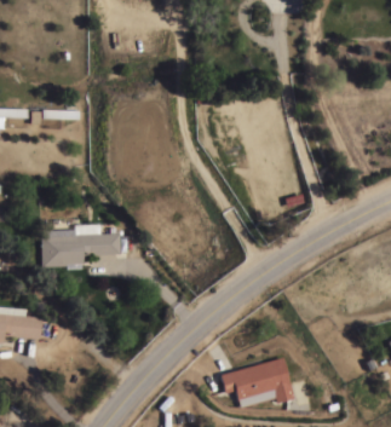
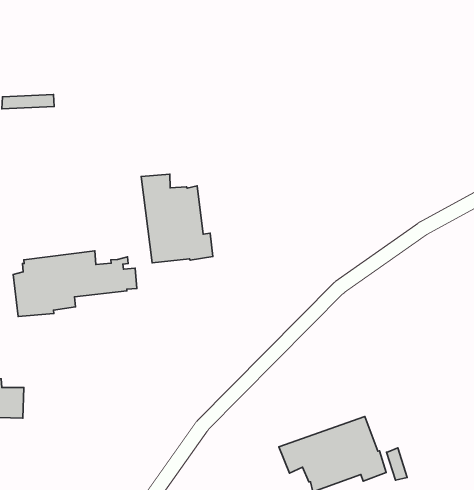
building: none -> [141,174,213,263]

